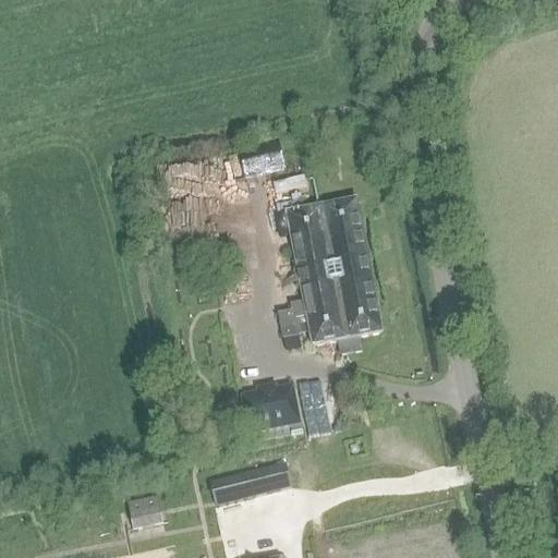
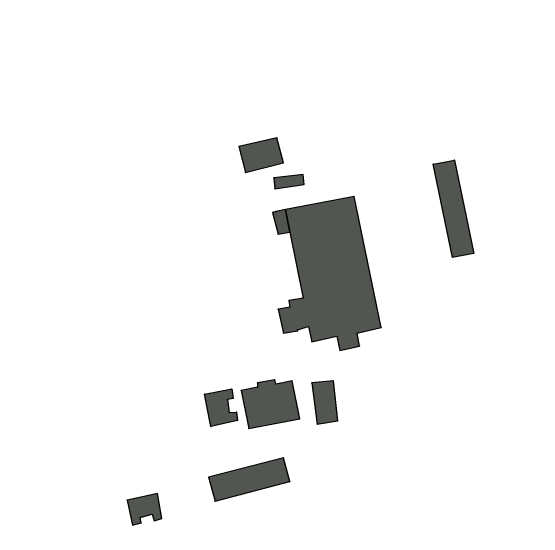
building: none -> [433,160,474,257]
building: none -> [205,389,238,427]

